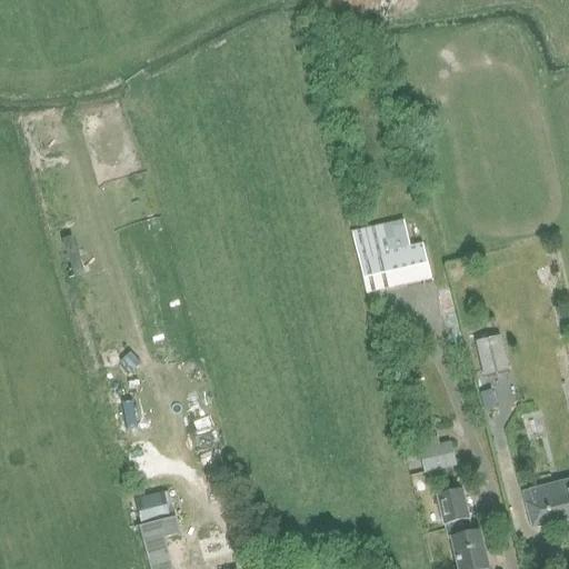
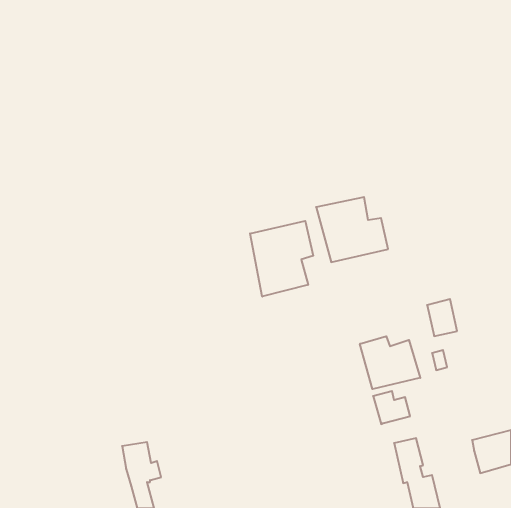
building: none -> [250,221,313,297]
building: none -> [360,336,420,389]

